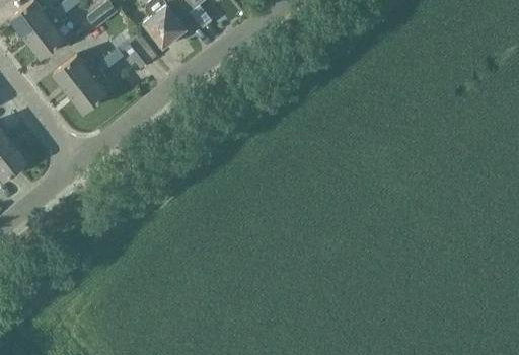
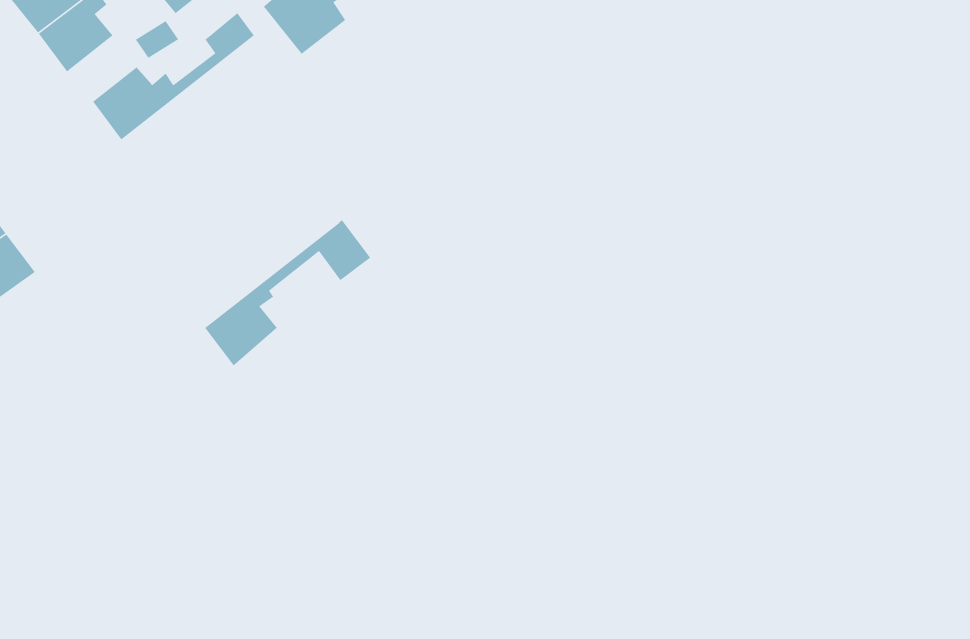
building: [68,37,155,114] -> [204,219,371,367]

